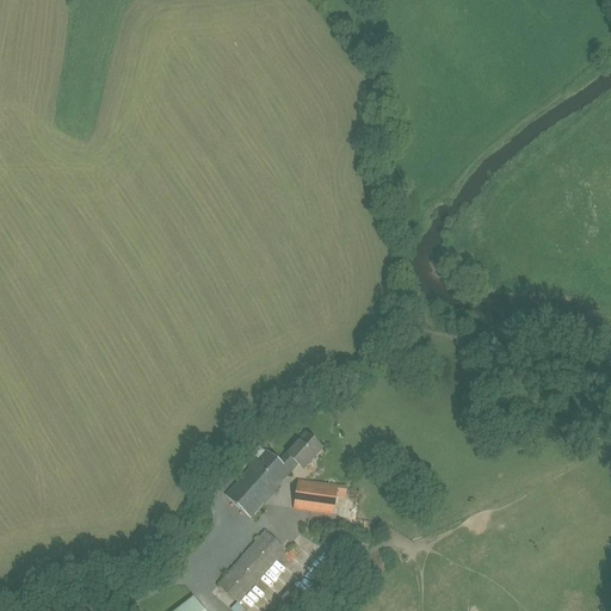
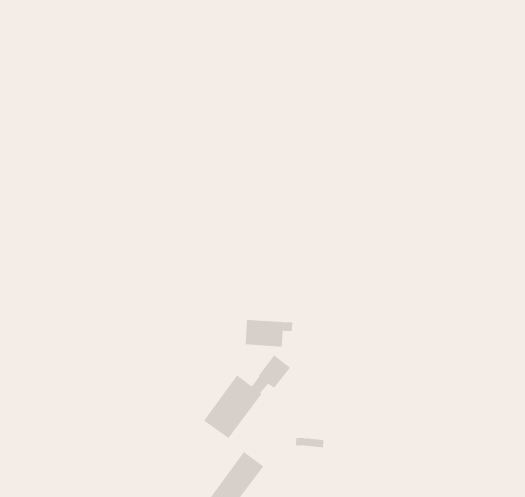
building: [294,480,346,512] -> [245,320,293,347]

